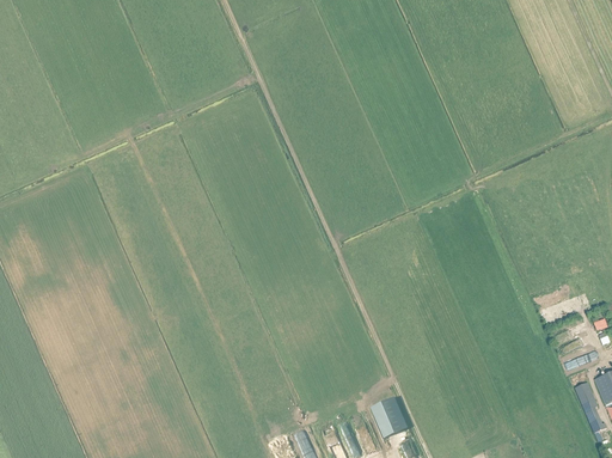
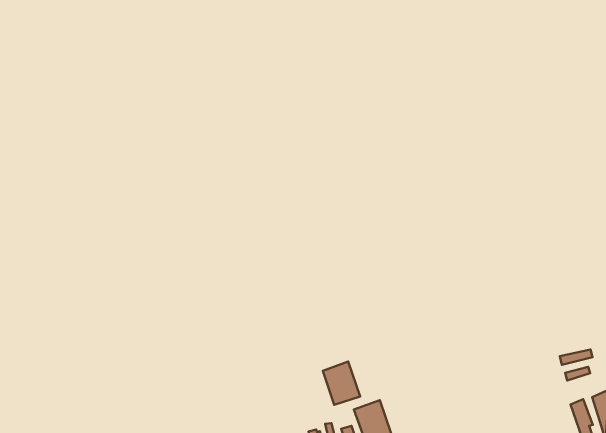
building: none -> [323,362,360,405]

